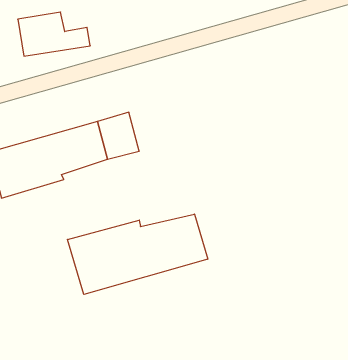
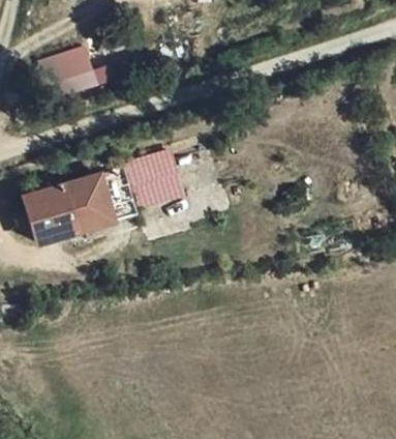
building: [67,214,208,294] -> none

